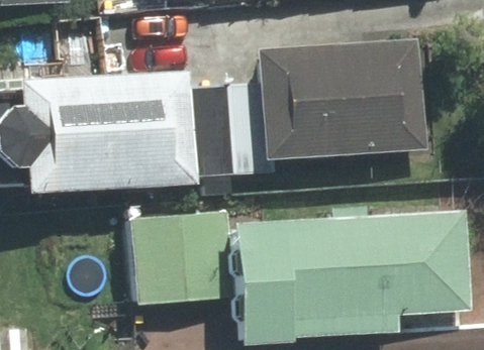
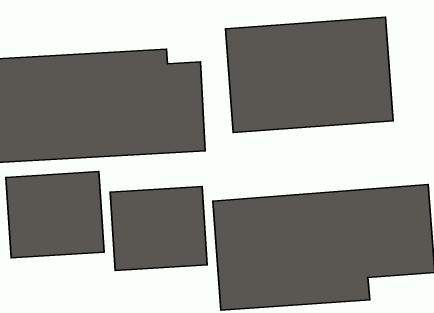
building: none -> [6,172,104,258]

